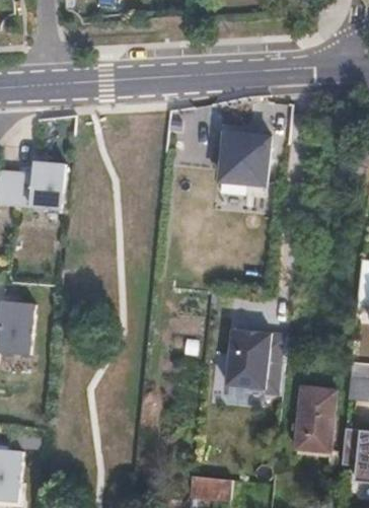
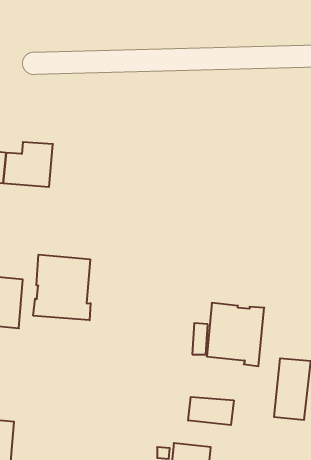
building: [220,124,279,180] -> none
building: none -> [33,255,90,320]
building: none -> [188,397,234,425]

